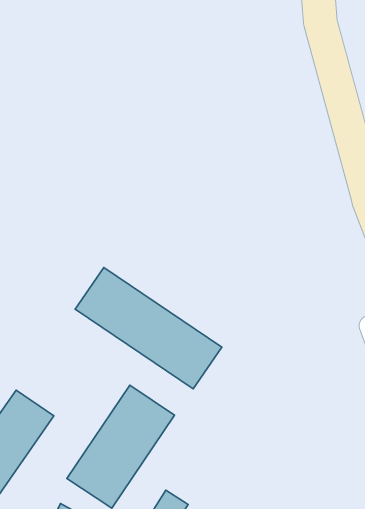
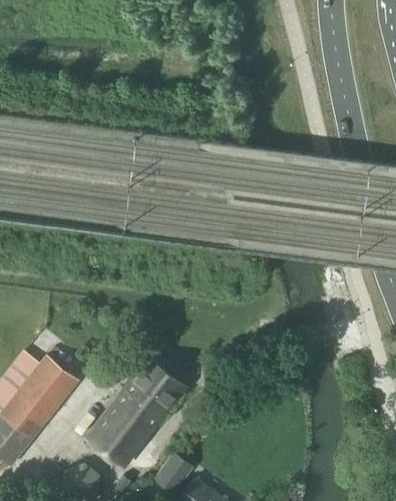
building: [75,267,222,389] -> none

